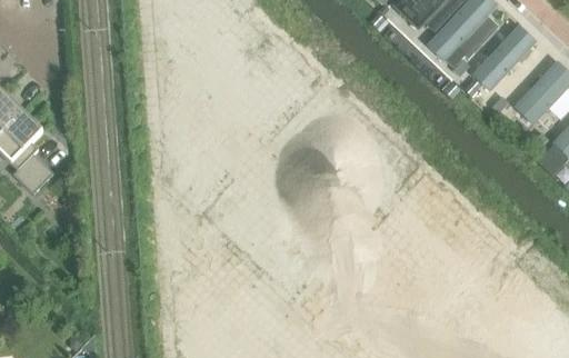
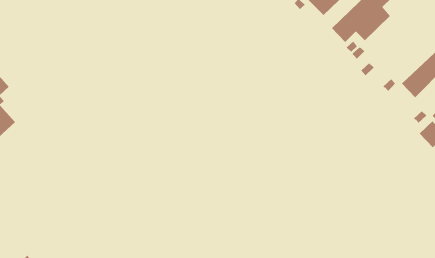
building: [471,21,536,87] -> none

